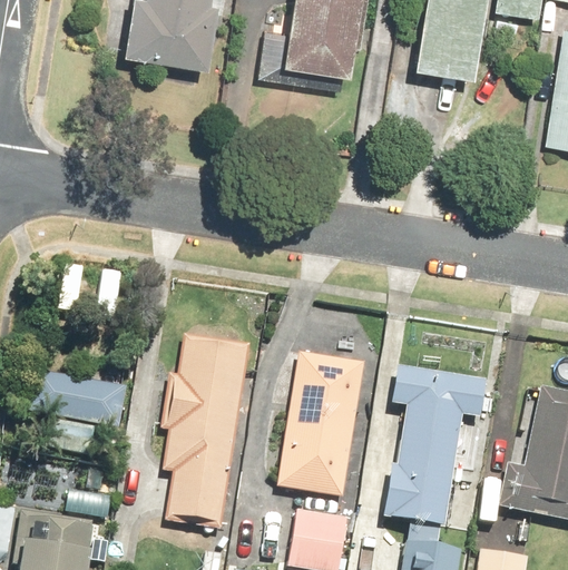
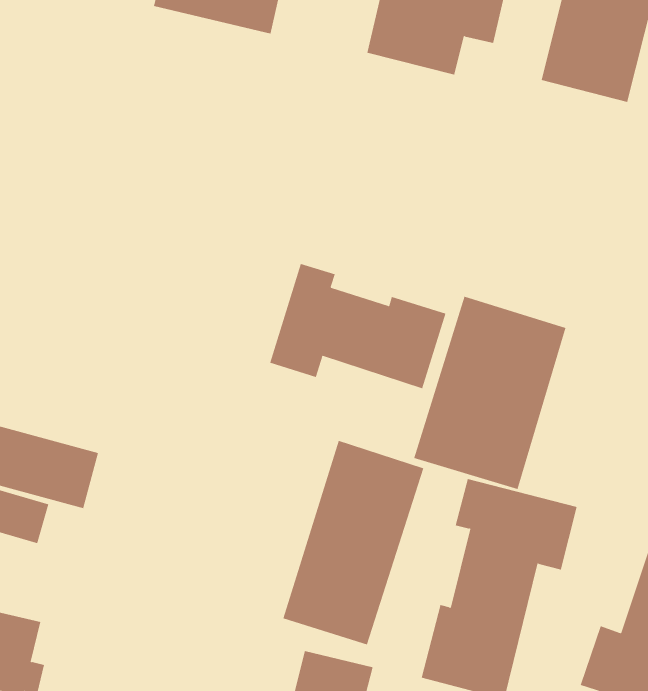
building: none -> [269,263,446,389]
building: none -> [414,296,566,490]
building: [161,332,253,524] -> none

